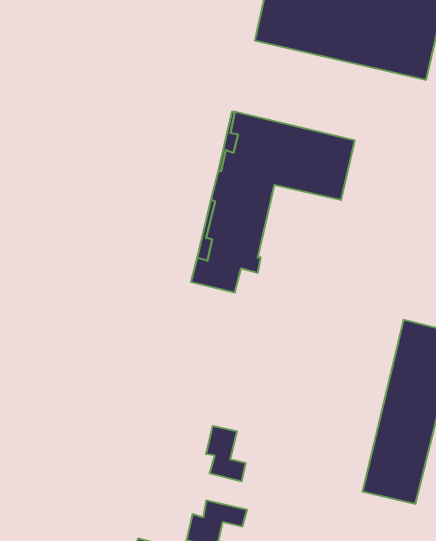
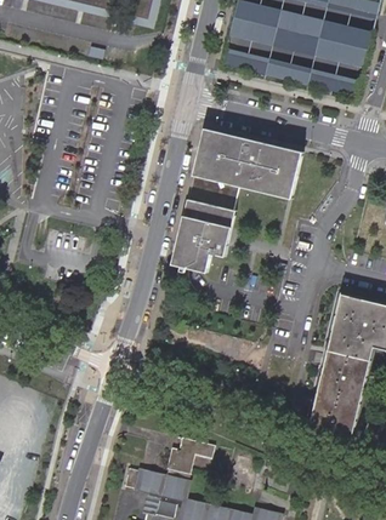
building: [206,426,246,481] -> none

